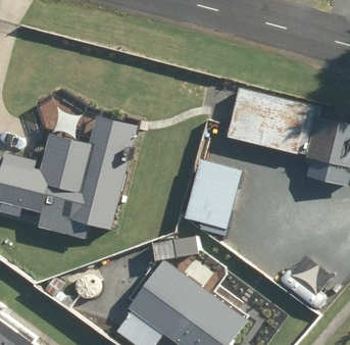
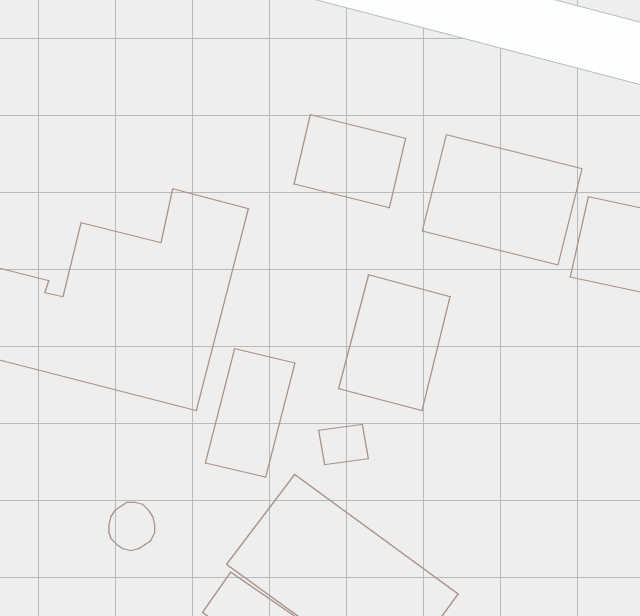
building: none -> [294,115,405,208]
building: none -> [206,349,295,477]

